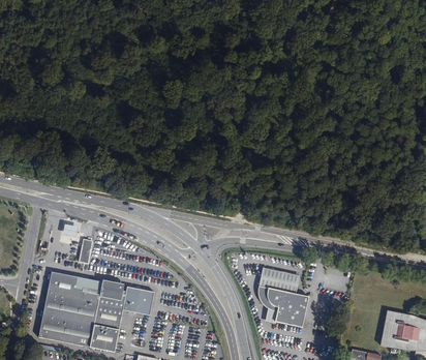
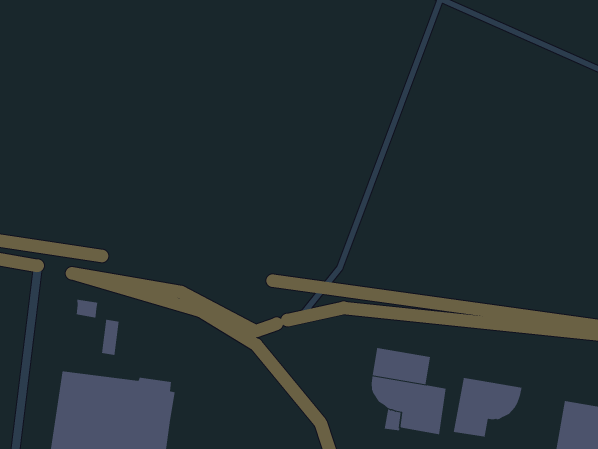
building: [122,286,154,314] -> none
building: none -> [453,377,522,438]

